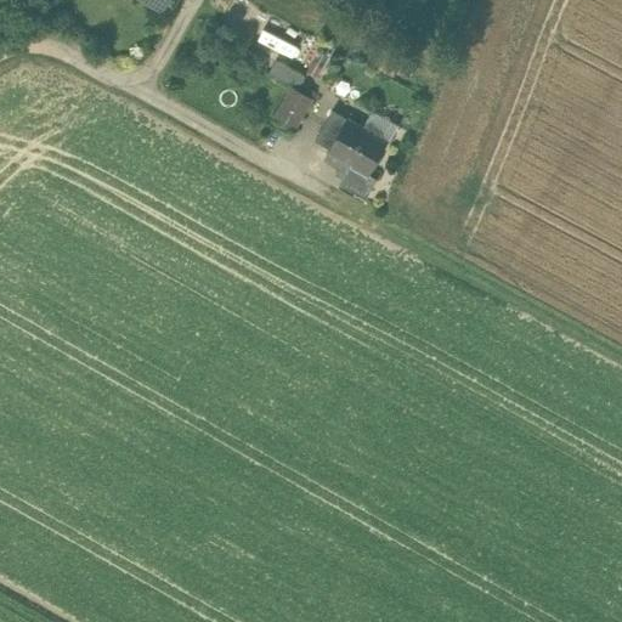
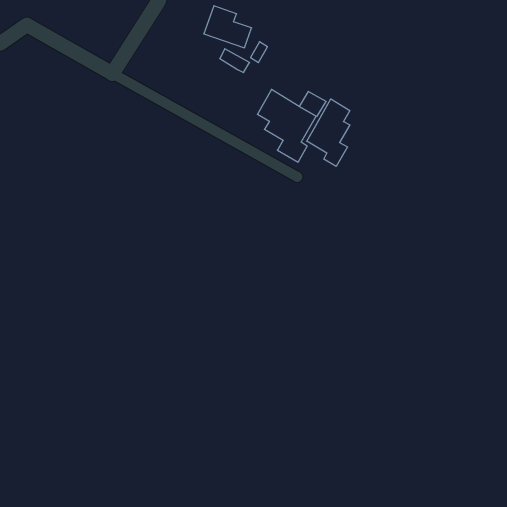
building: [271,86,312,132] -> none
building: none -> [307,99,350,166]

